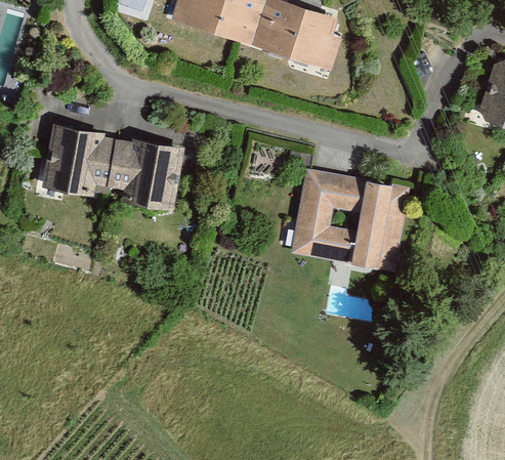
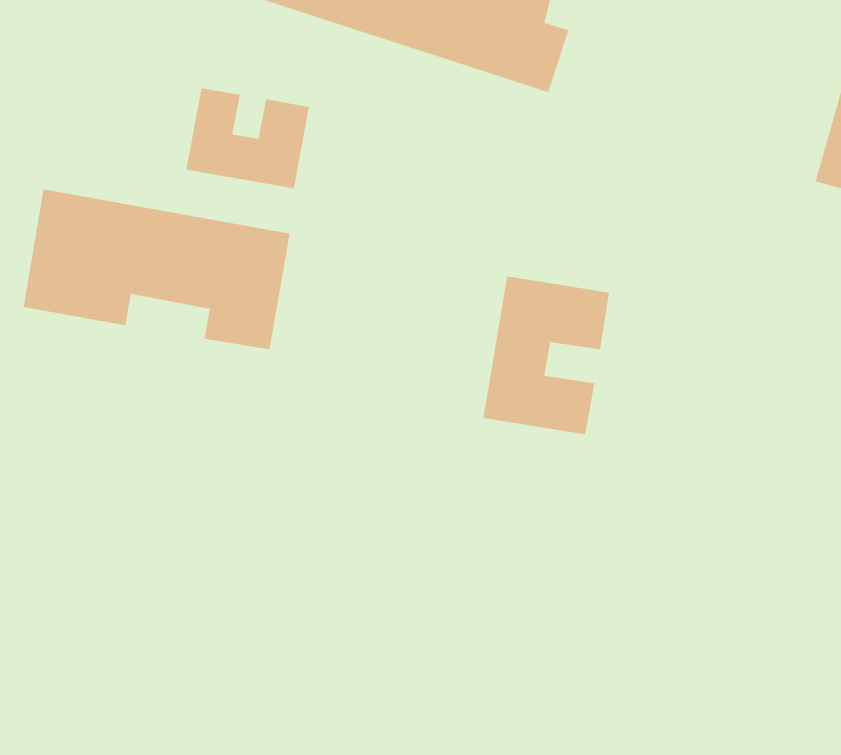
building: none -> [186,87,309,189]
building: [349,180,409,267] -> none

